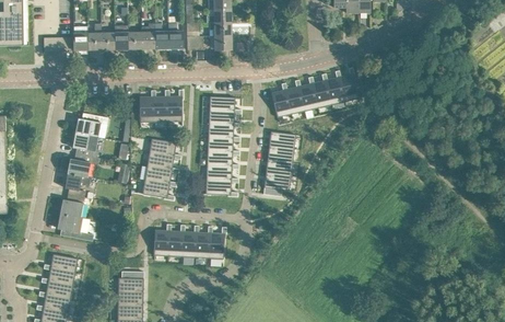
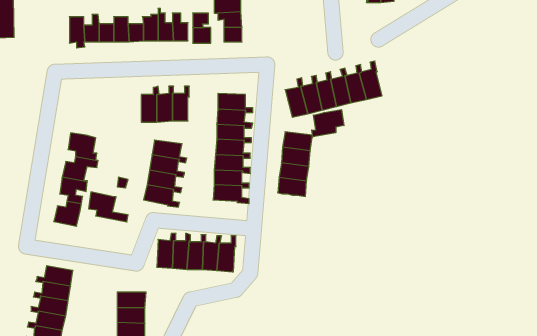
building: none -> [312,110,344,137]
building: [74,113,107,136] -> none
building: [57,212,93,240] -> [89,192,128,222]

